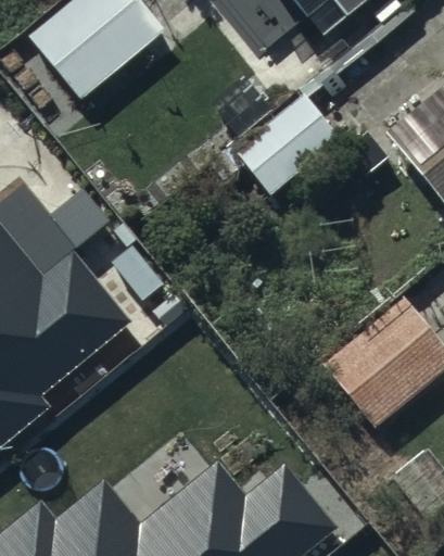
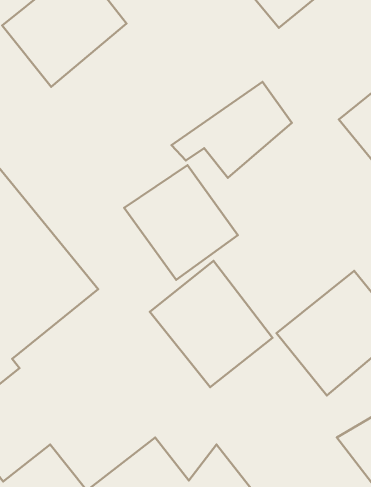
building: none -> [124,165,238,280]
building: none -> [150,261,272,387]

